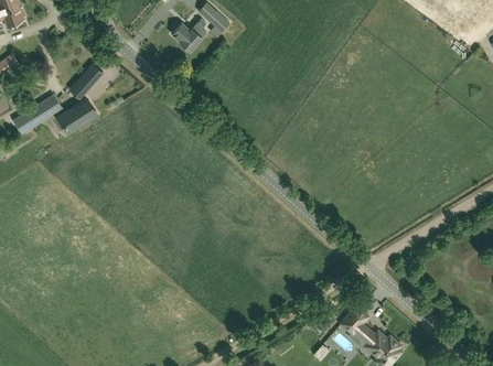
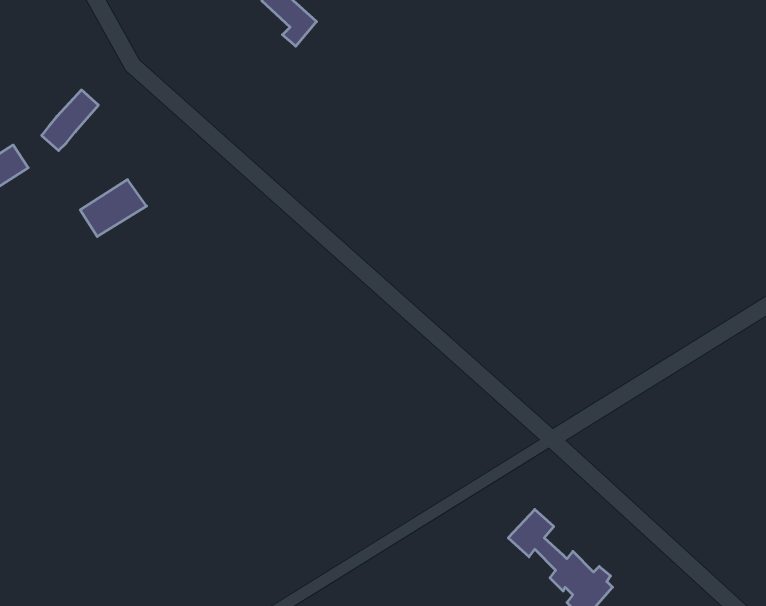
building: [172,18,206,51] -> none
building: [58,99,97,132] -> [80,180,147,237]

